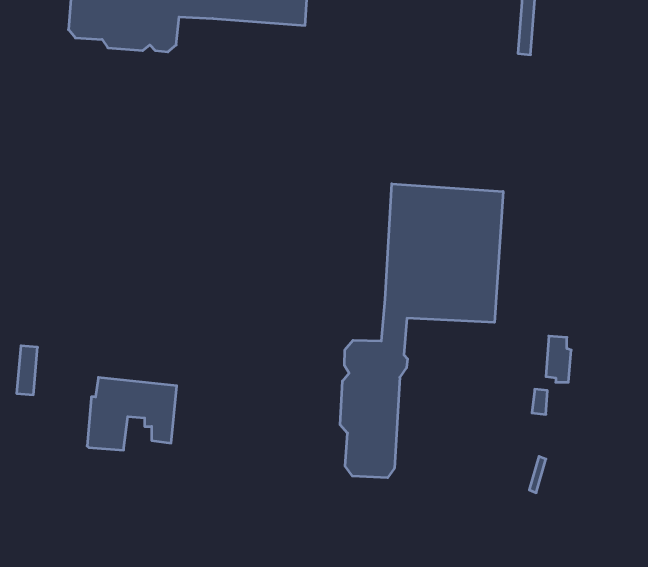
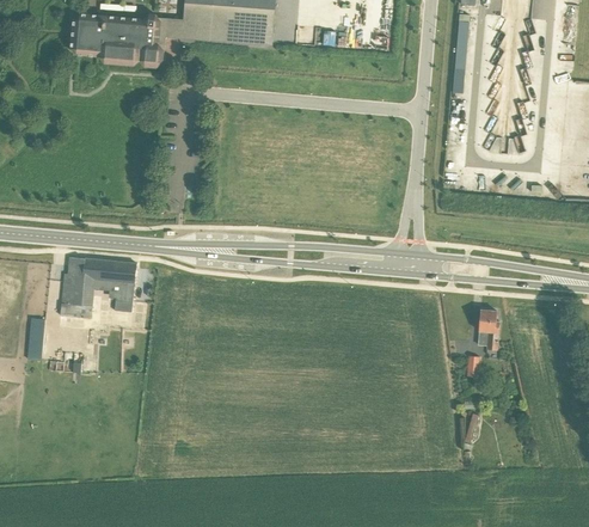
building: [340,184,503,478] -> none
building: [87,377,177,450] -> [60,255,136,317]

